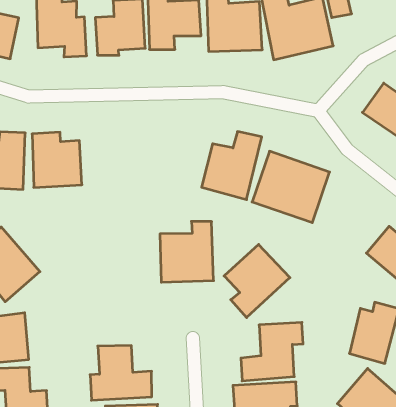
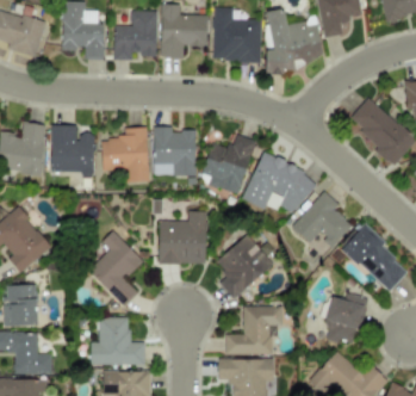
building: none -> [153,126,195,175]
building: none -> [100,128,149,181]
building: none -> [292,192,353,247]
building: none -> [88,230,143,308]

